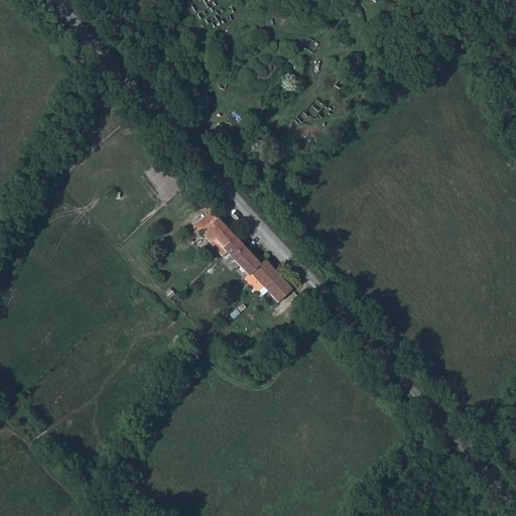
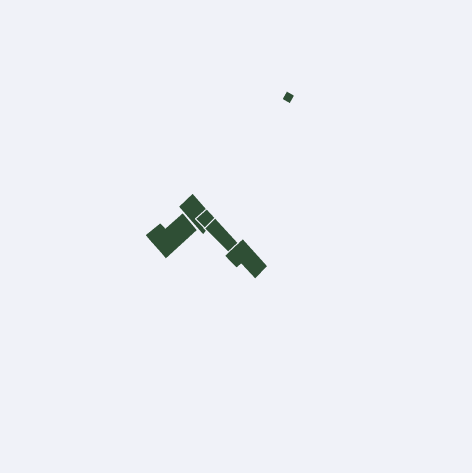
building: none -> [145,213,198,259]

